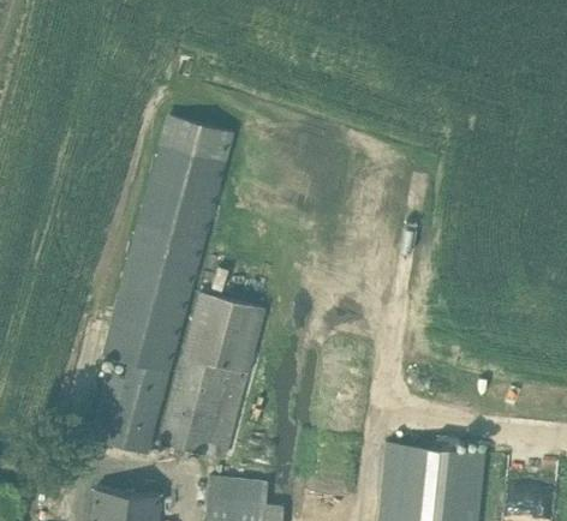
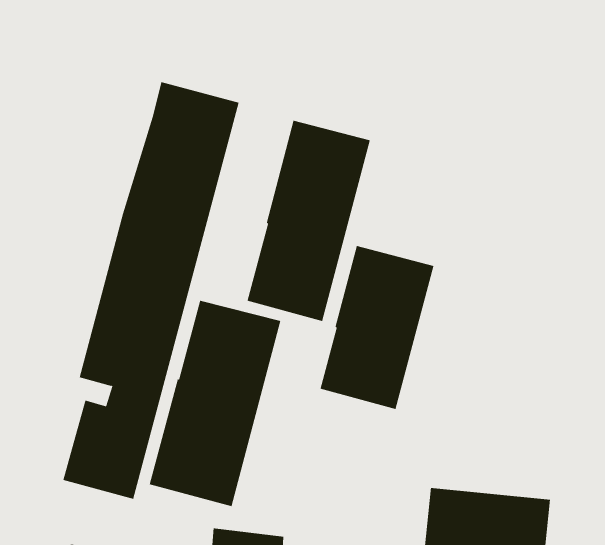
building: none -> [247,120,370,322]
building: none -> [320,245,434,410]

